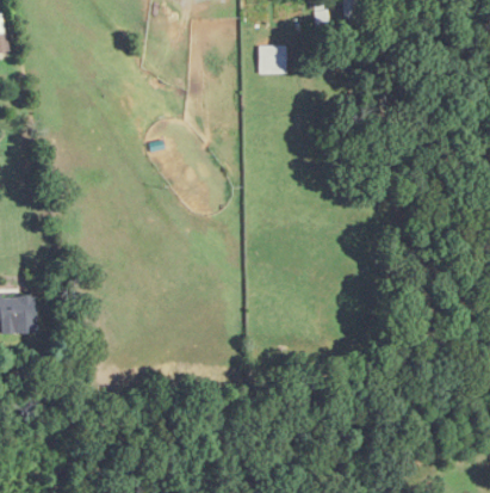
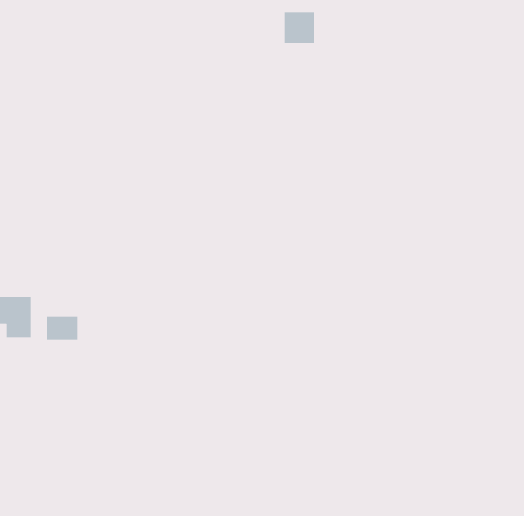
building: none -> [46,316,78,340]

